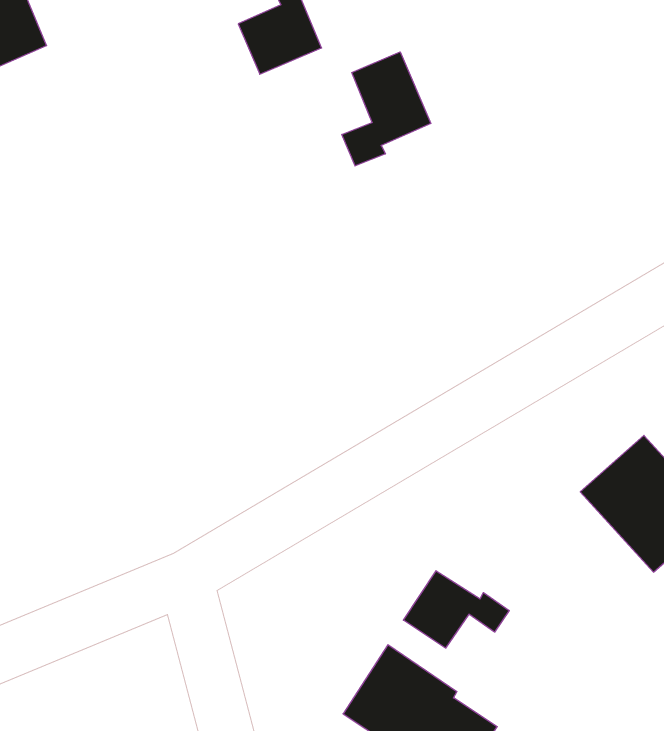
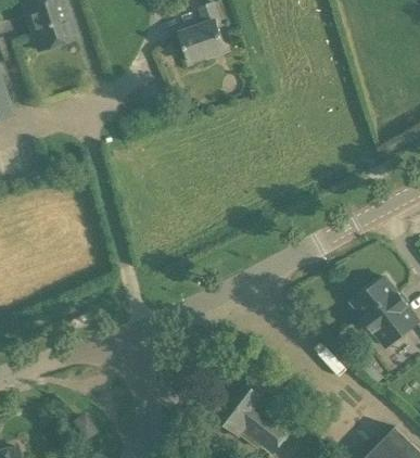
building: [342,52,431,166] -> none
building: [403,571,509,648] -> none

